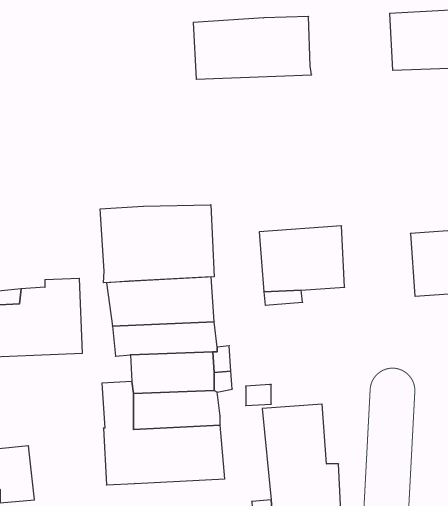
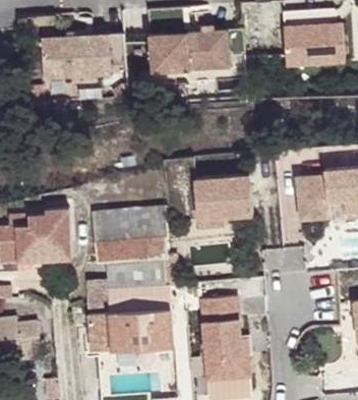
building: none -> [42,32,125,81]
building: [100,205,214,283] -> none

